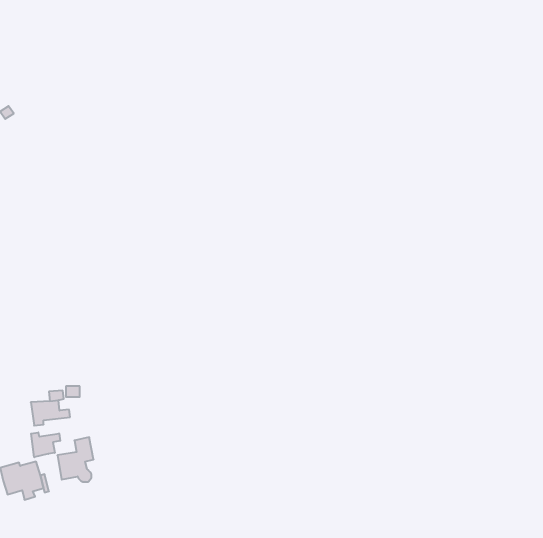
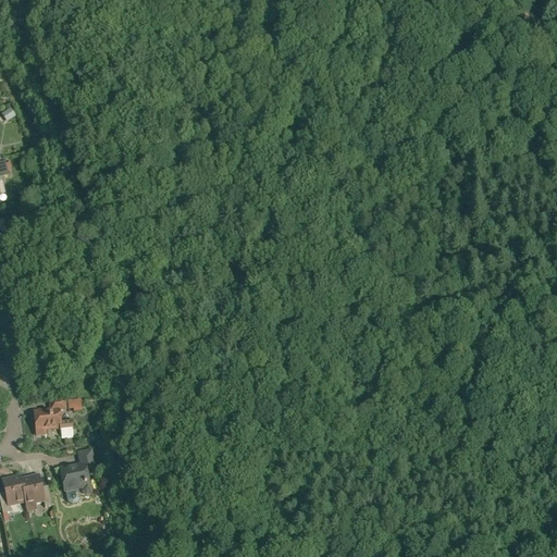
building: [31,432,60,457] -> none

